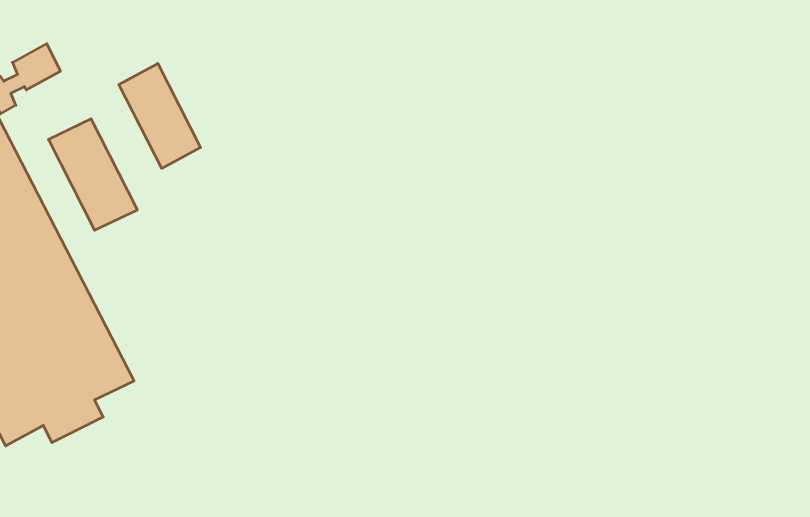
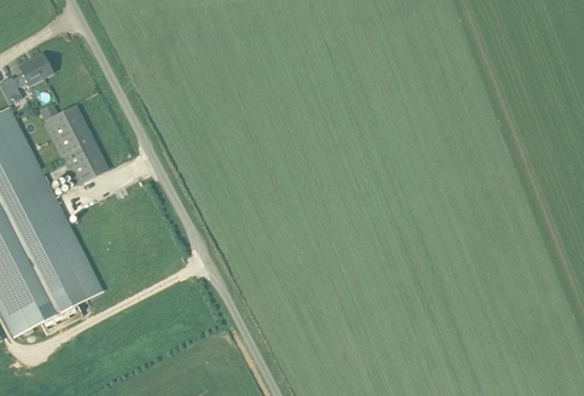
building: [119,63,201,168] -> none

